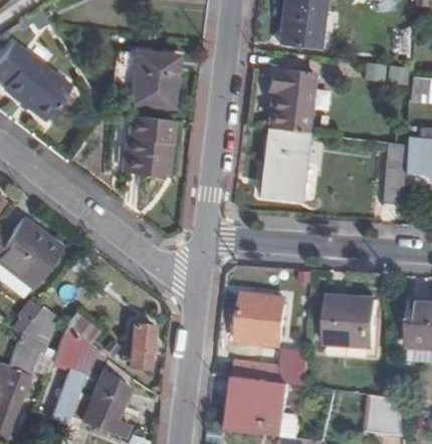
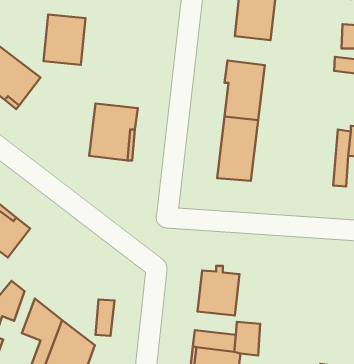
building: [131,53,176,107] -> [43,15,85,65]
building: [325,297,379,350] -> none

